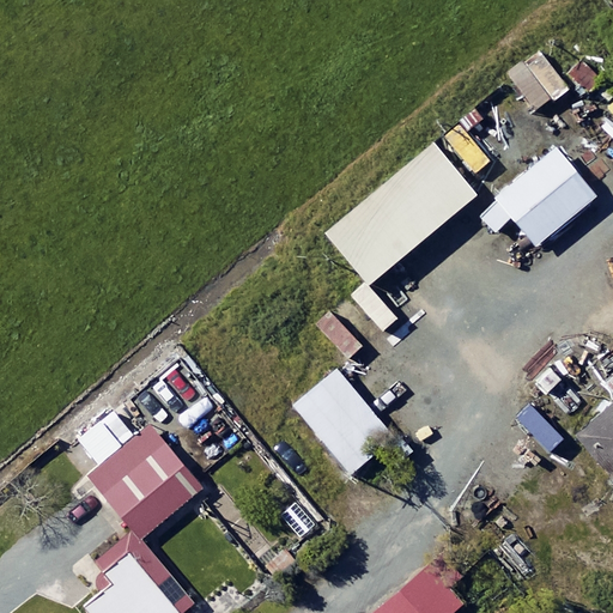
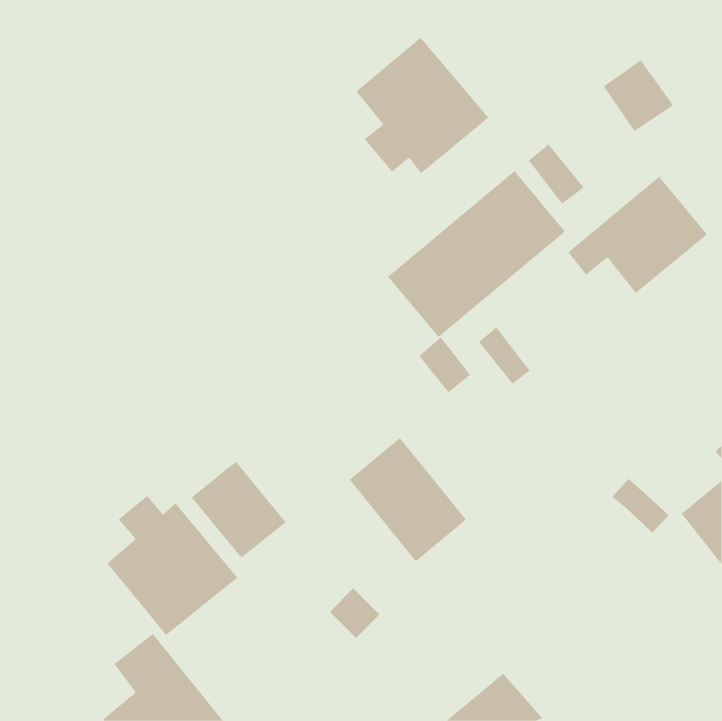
building: none -> [355,37,489,174]
building: none -> [191,461,286,558]

